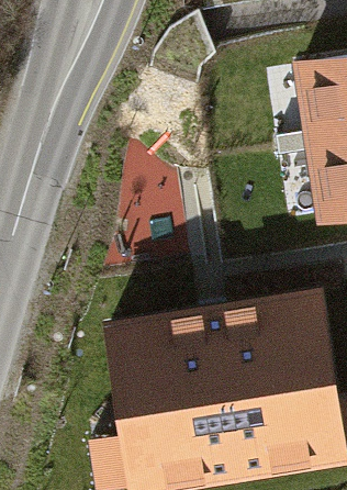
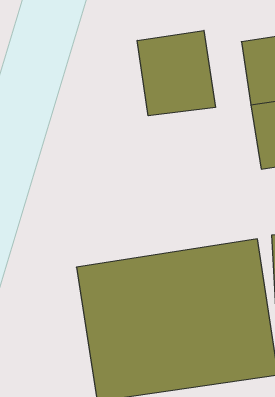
building: none -> [137,30,215,116]

